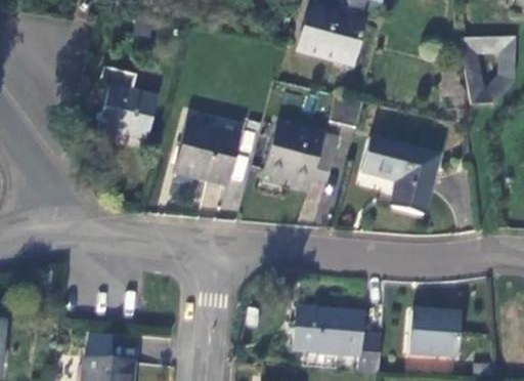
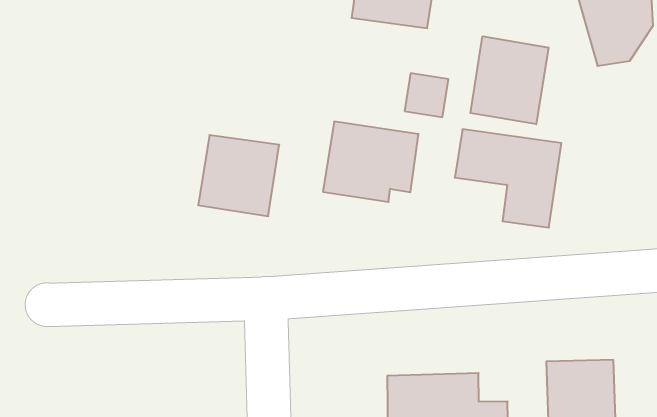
building: [98,65,158,139] -> none
building: none -> [470,36,548,124]

